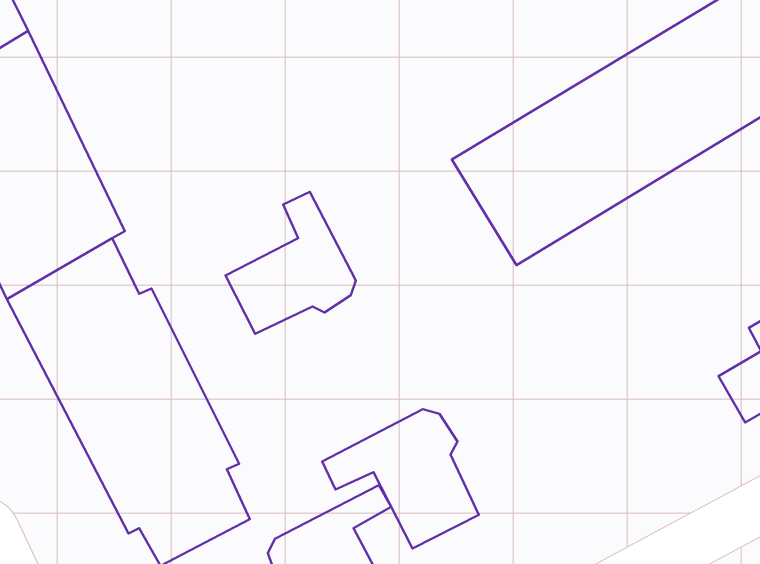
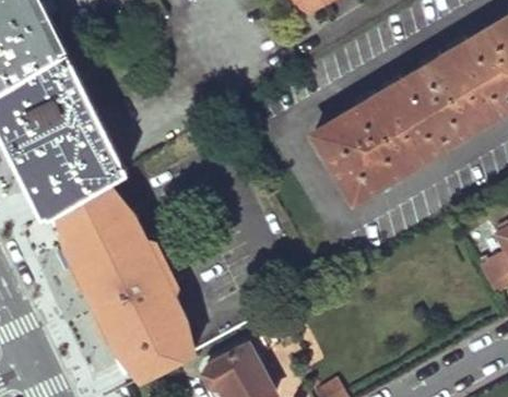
building: [226,192,356,334] -> none
building: [322,409,479,549] -> none

